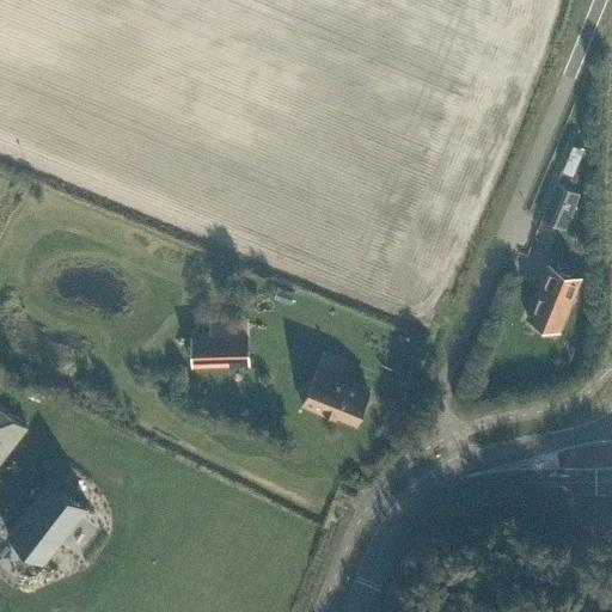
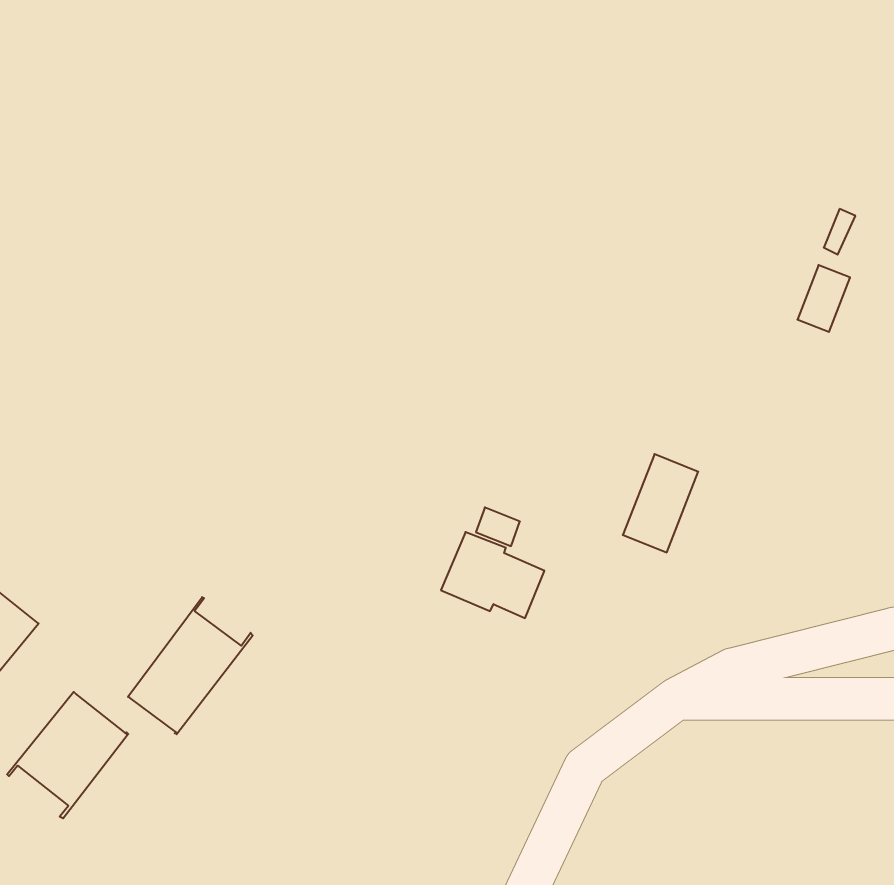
building: [527,271,579,338] -> [623,454,698,552]
building: [190,325,249,375] -> none
building: none -> [128,597,253,734]

